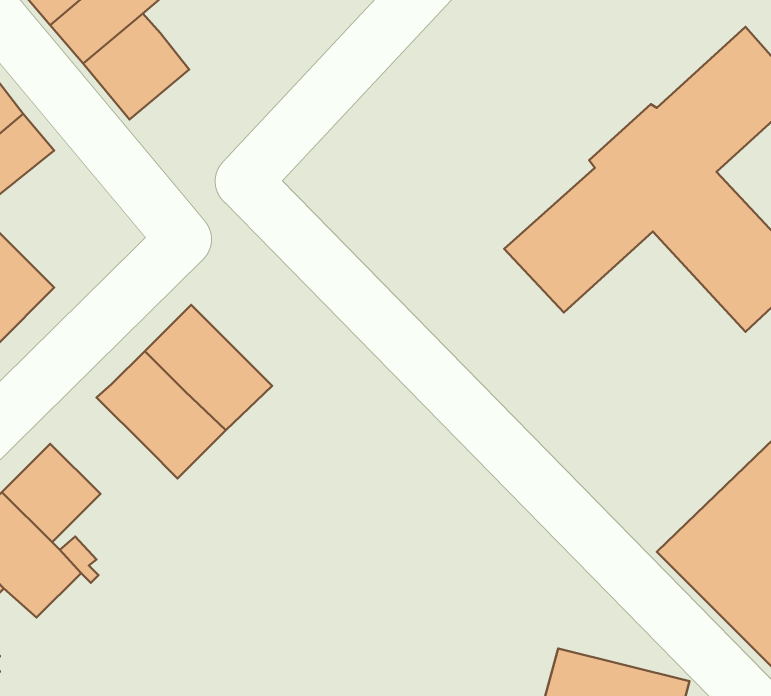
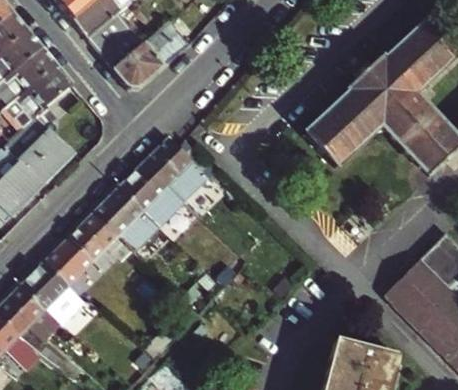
building: none -> [112,18,189,87]
building: none -> [144,136,212,204]
building: none -> [71,210,121,260]

